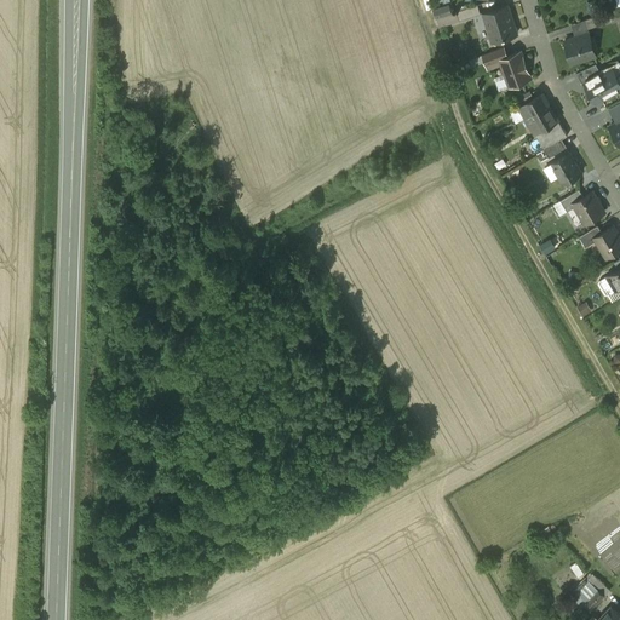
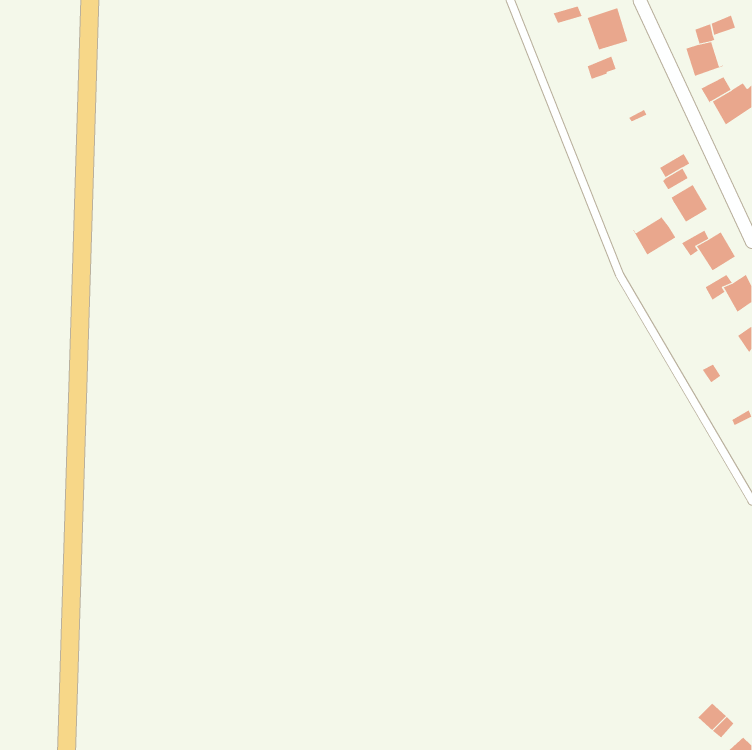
building: [499,53,529,87] -> none
building: [518,94,558,133] -> none
building: none -> [633,216,676,256]

